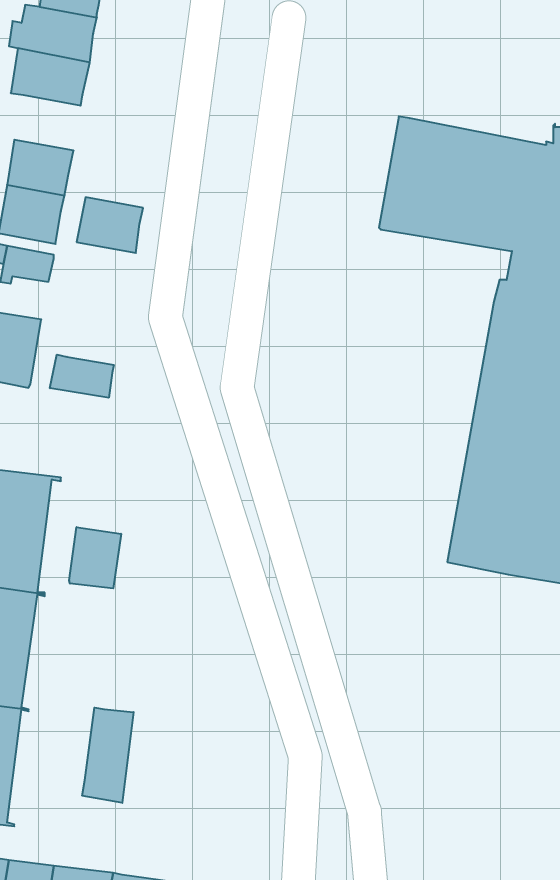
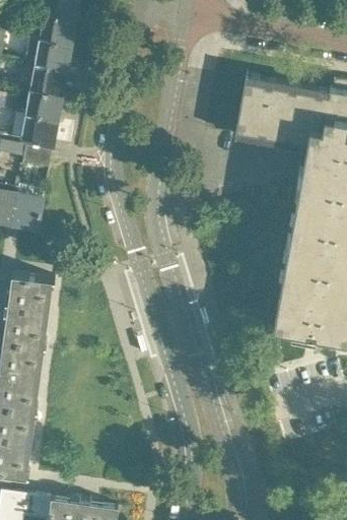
building: [77,197,143,253] -> [28,63,66,94]
building: [50,355,114,398] -> none
building: [69,527,121,588] -> none
building: [82,708,134,803] -> none

